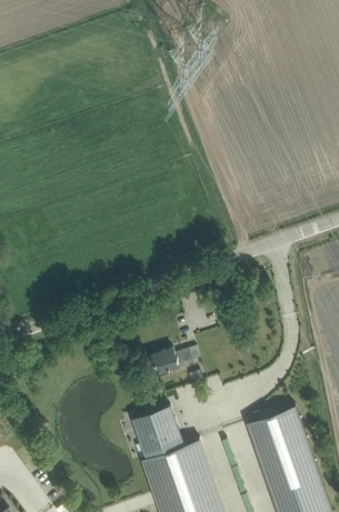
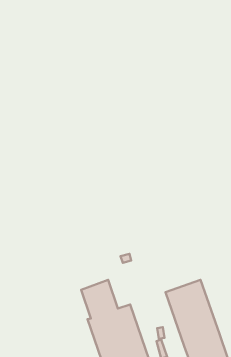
building: [151,350,190,378] -> none

